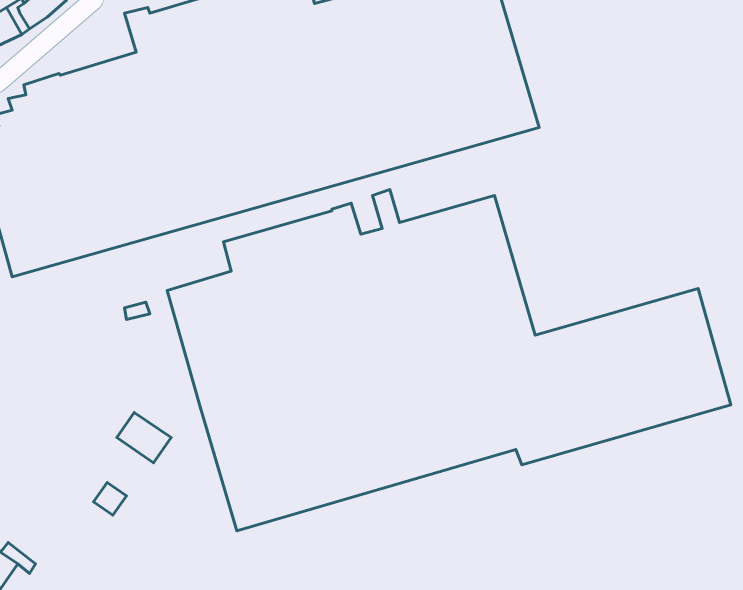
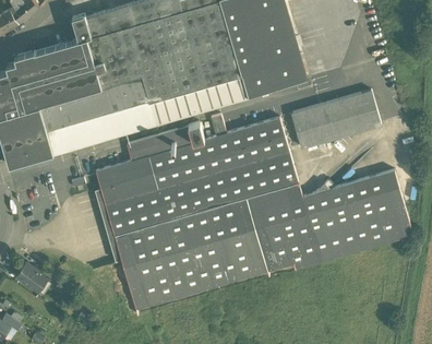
building: none -> [292,91,382,149]
building: [117,412,171,463] -> [17,263,48,292]

